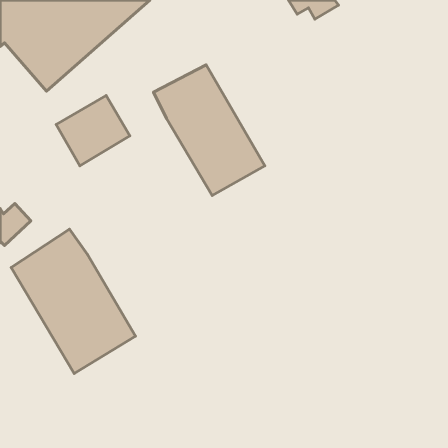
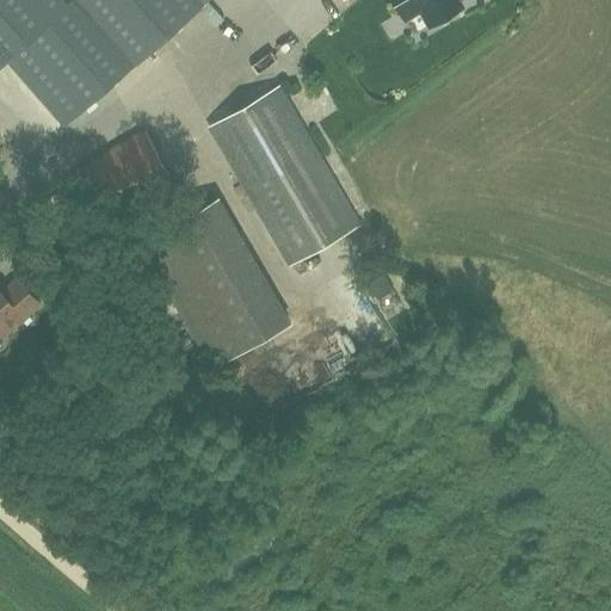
building: none -> [141,192,296,364]
building: [11,229,135,374] -> none

